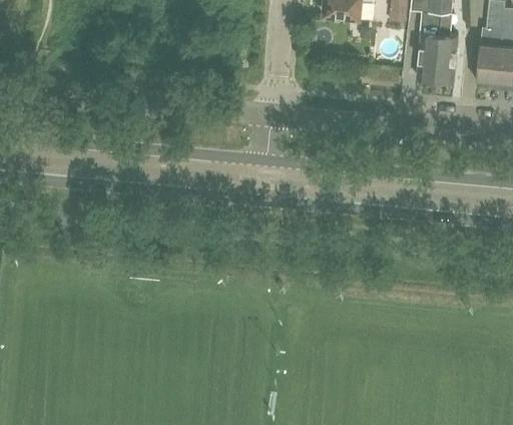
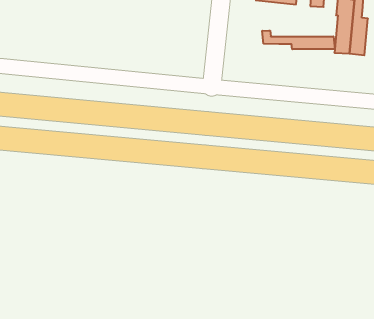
building: none -> [262,31,335,49]

